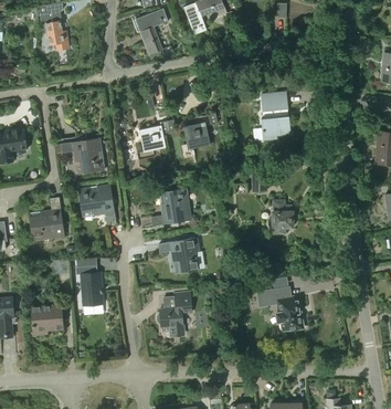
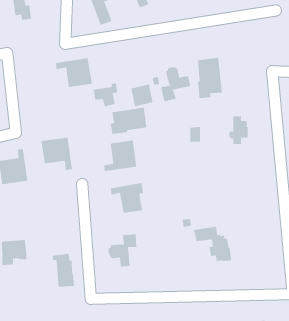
building: none -> [160,66,191,102]
building: [61,137,105,172] -> [55,58,93,88]
building: none -> [110,107,147,135]
building: [268,199,292,233] -> [229,116,249,145]
building: [76,264,103,304] -> [52,253,75,287]

